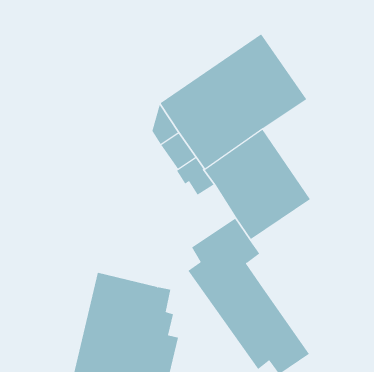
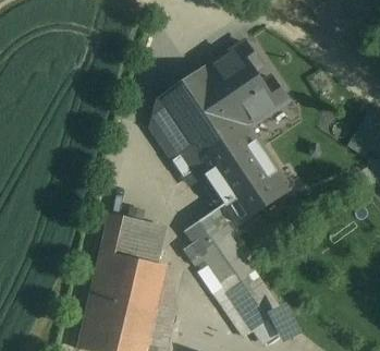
building: none -> [101,214,164,265]

